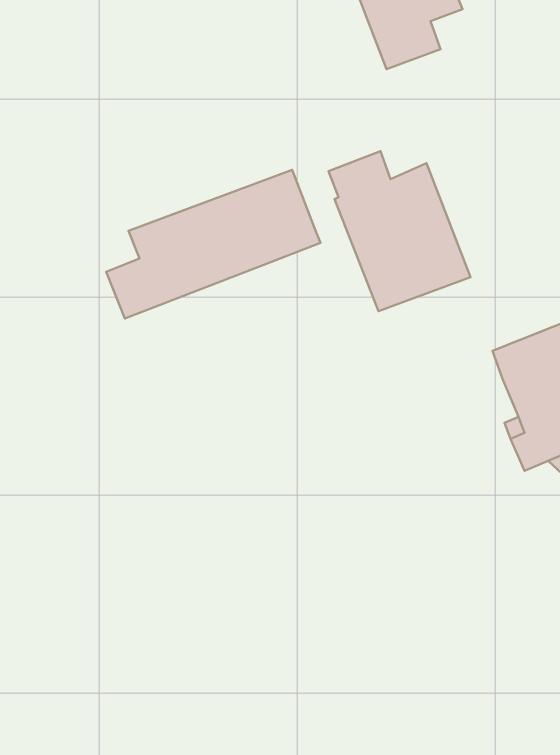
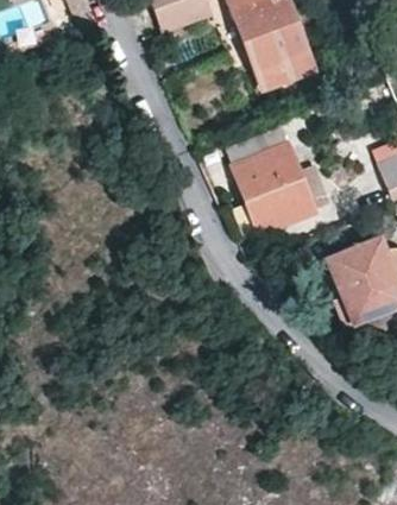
building: [106,170,320,318] -> none

